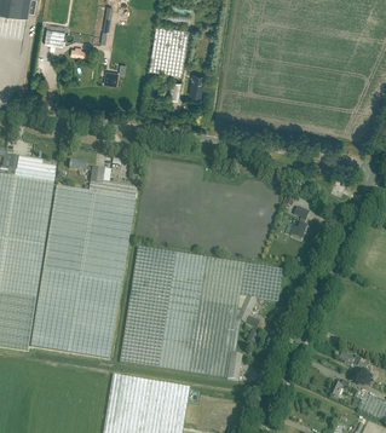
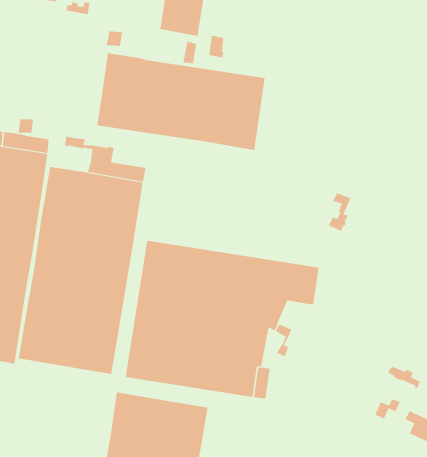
building: none -> [97,53,265,151]

